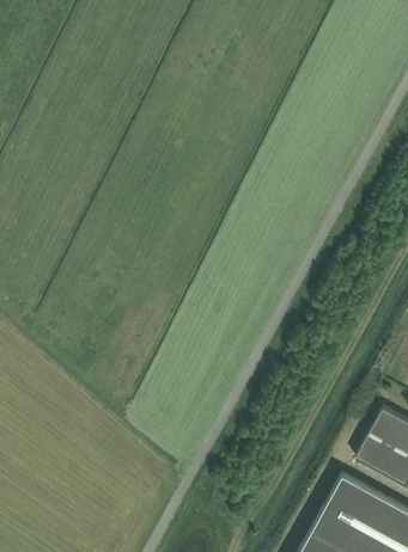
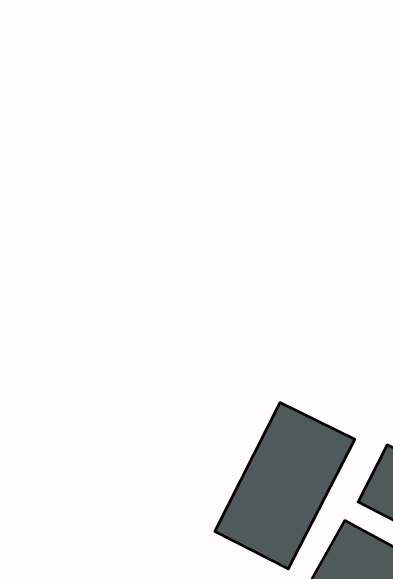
building: none -> [215,403,355,569]

